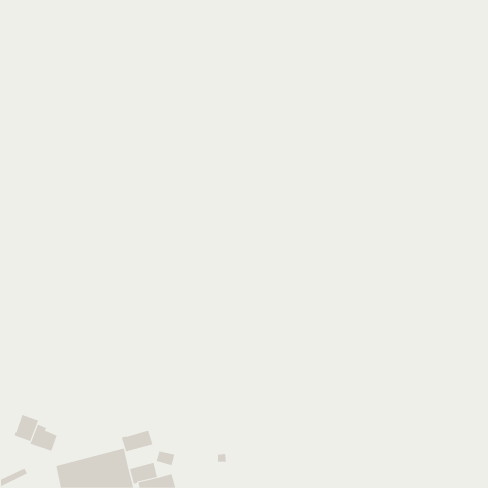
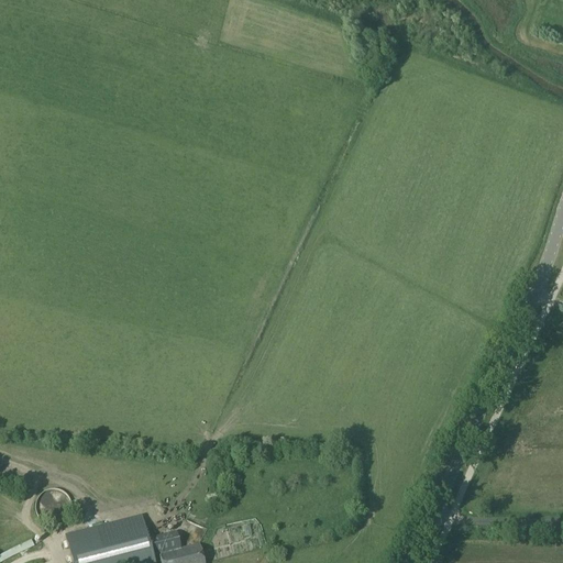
building: [14,414,39,442] -> none
building: [121,430,153,452] -> none

